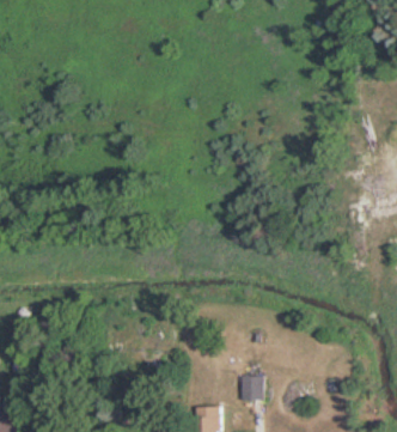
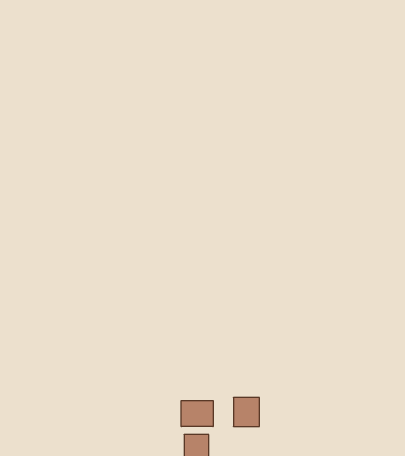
building: none -> [181,401,213,427]

